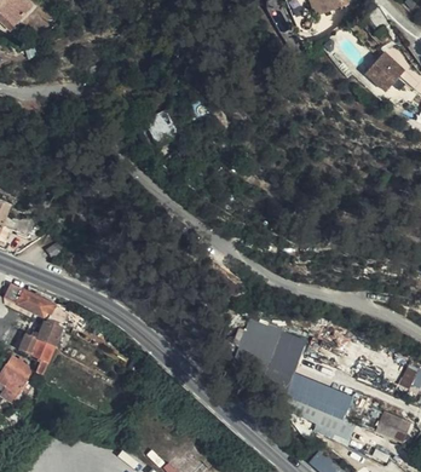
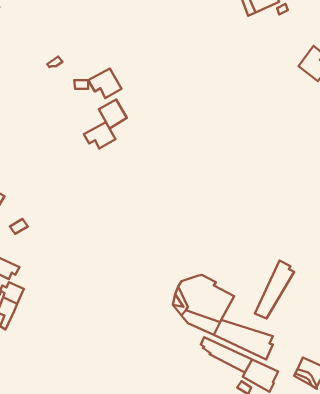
building: none -> [88,69,121,98]
building: none -> [84,122,116,149]
building: none -> [255,260,294,318]

